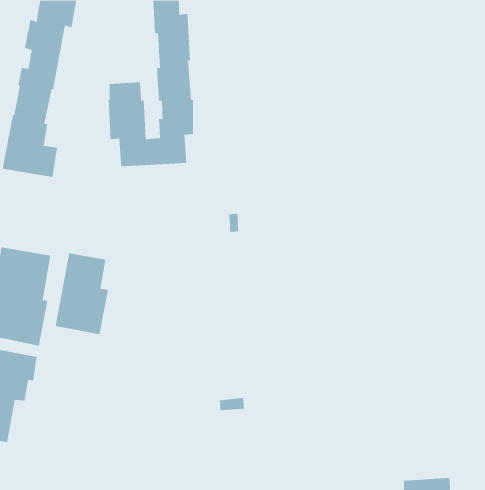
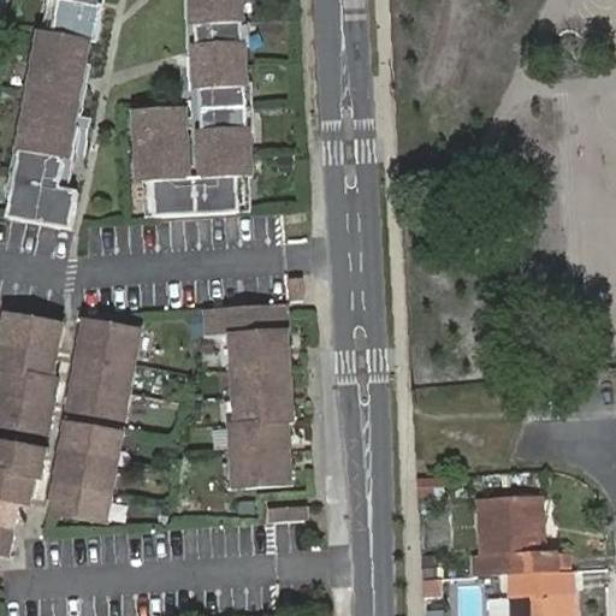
building: none -> [201,296,292,484]
building: none -> [51,422,117,523]
building: none -> [463,504,562,582]

